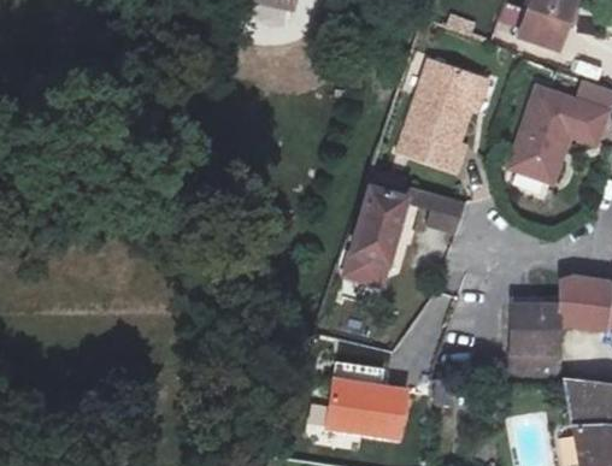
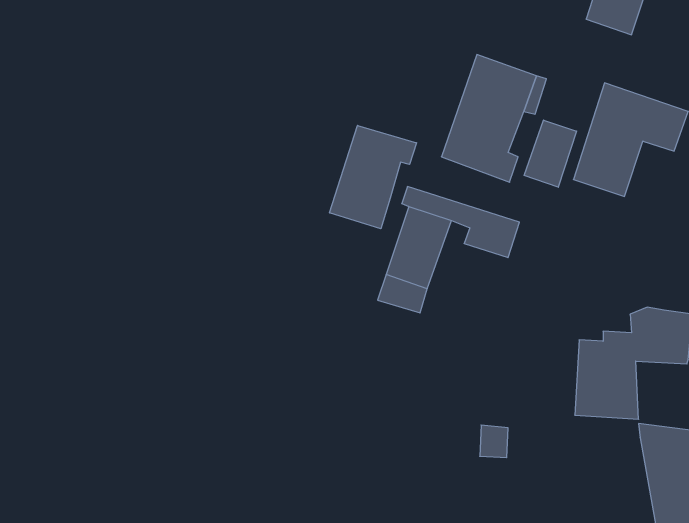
building: none -> [524,120,577,187]
building: none -> [330,125,417,229]
building: [325,382,408,442] -> none

